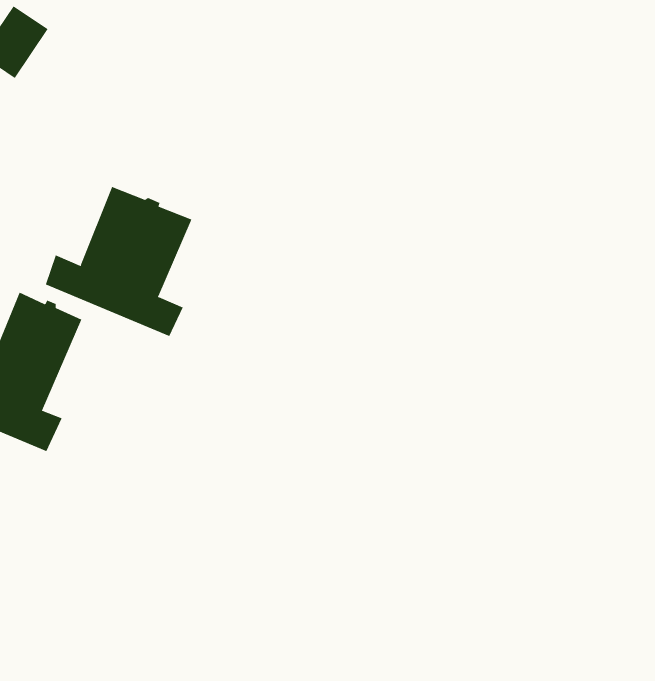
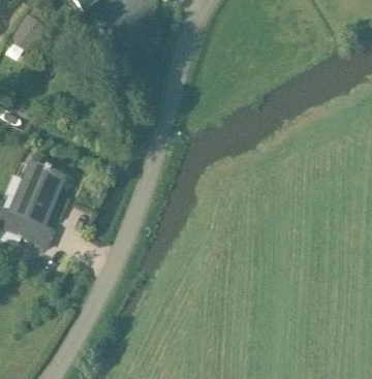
building: [45,186,192,337] -> none

